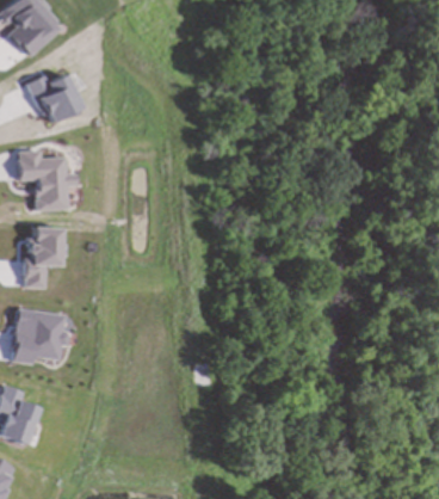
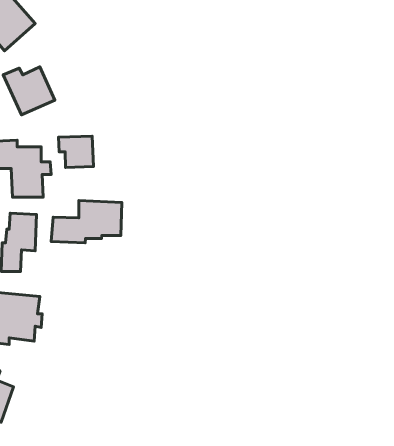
building: none -> [58,136,93,168]
building: none -> [51,201,122,243]

